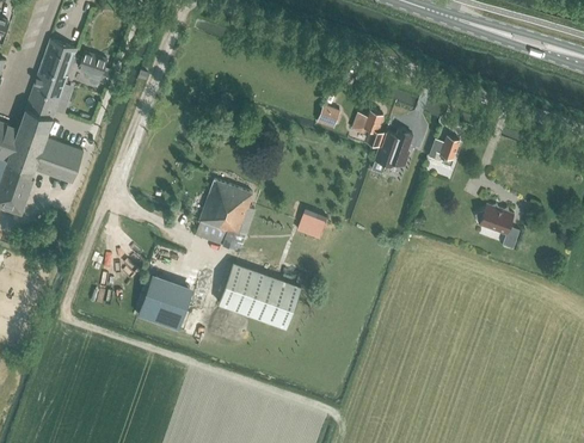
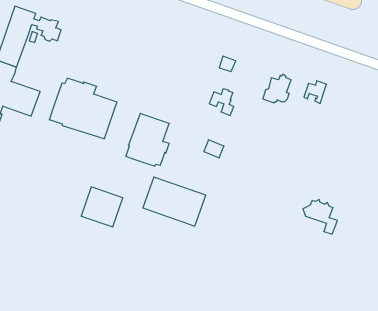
building: [351,110,383,144] -> [209,89,234,116]
building: none -> [49,78,117,139]
building: [474,203,520,248] -> [303,200,337,234]

